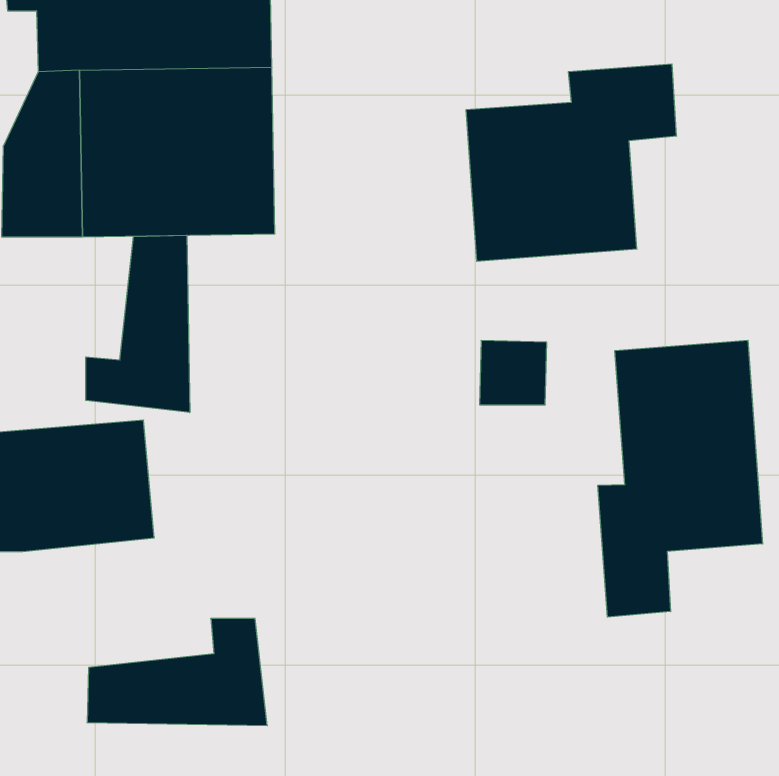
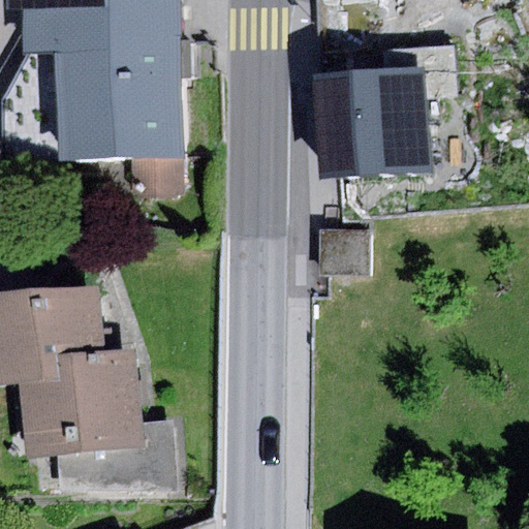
building: [86,235,190,413] -> none
building: [598,340,763,617] -> none
building: none -> [15,361,145,455]

